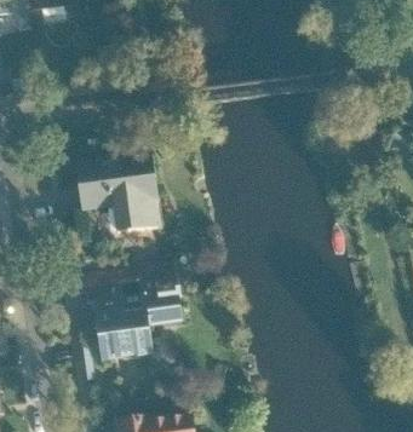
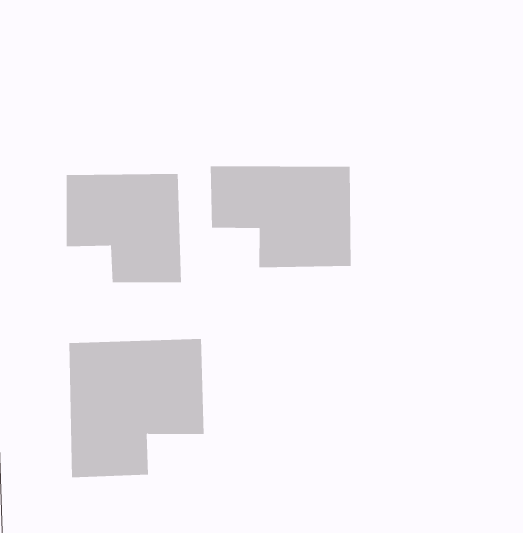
building: none -> [210,165,351,268]

